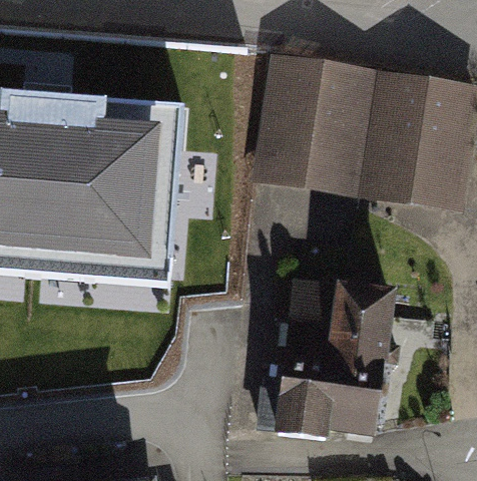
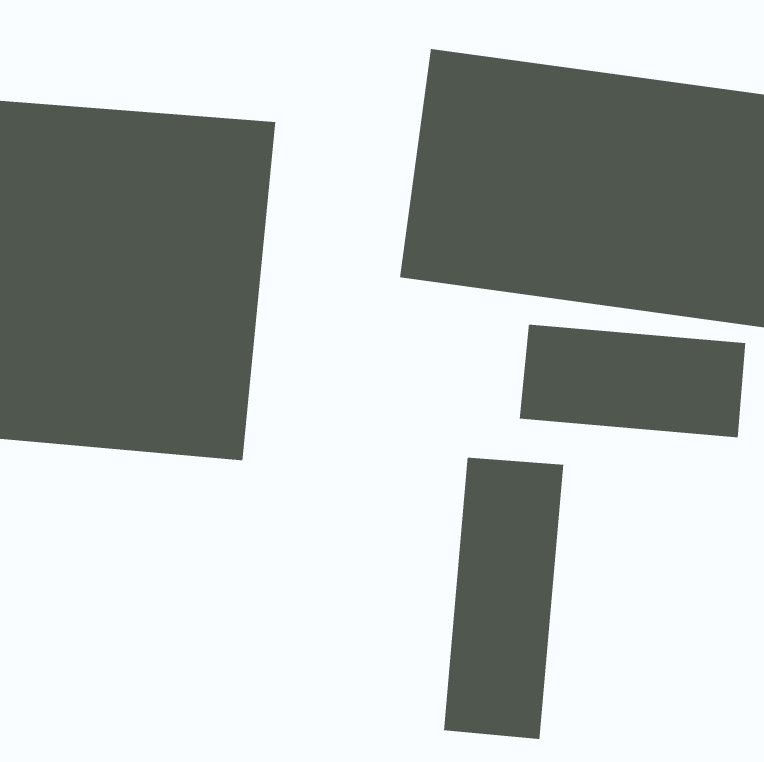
building: none -> [519,324,746,438]
building: [329,284,392,437] -> none

